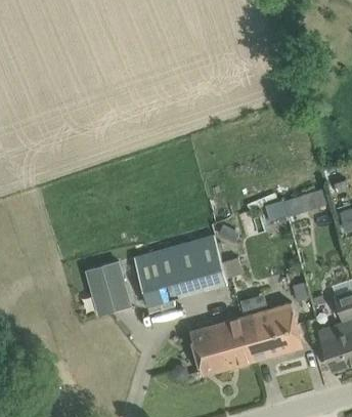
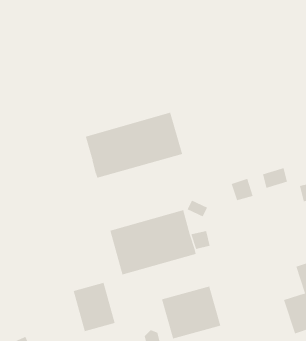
building: none -> [85,112,183,178]
building: [84,261,130,315] -> [73,282,116,332]
building: [240,302,302,360] -> none

